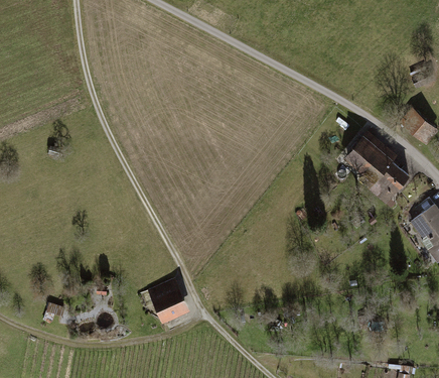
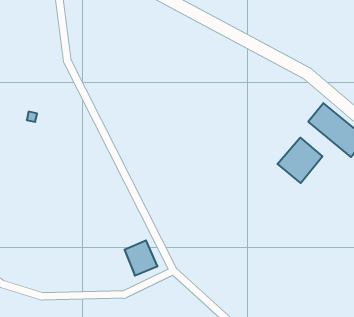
building: none -> [277,138,322,183]

